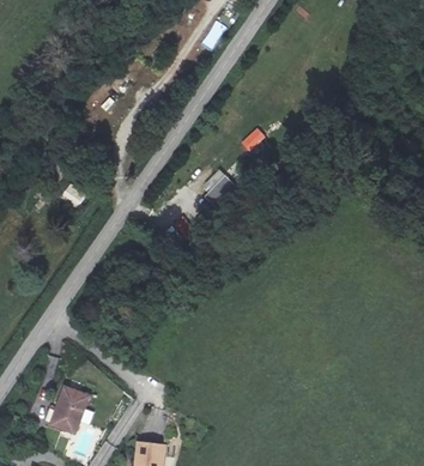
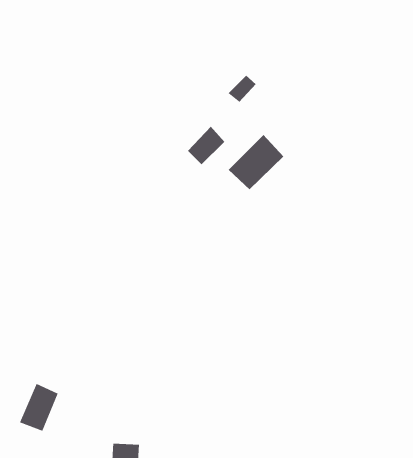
building: none -> [228,134,284,190]

